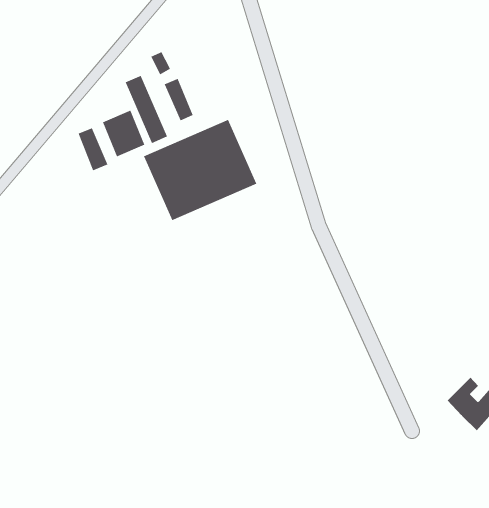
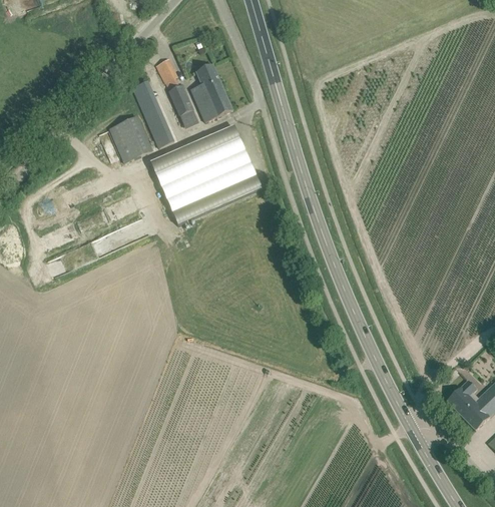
building: none -> [191,64,232,122]
building: [78,127,108,171] -> none

